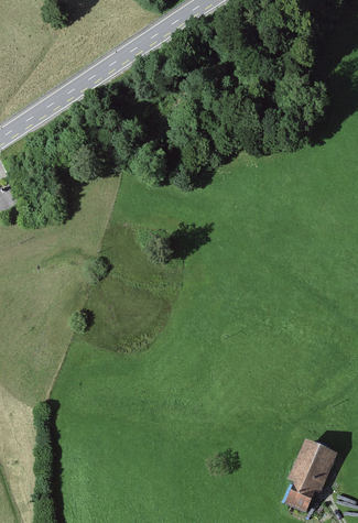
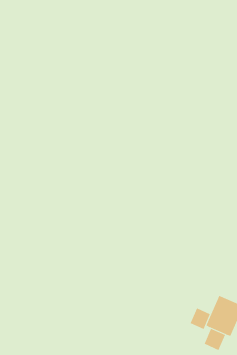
building: none -> [190,308,211,330]

